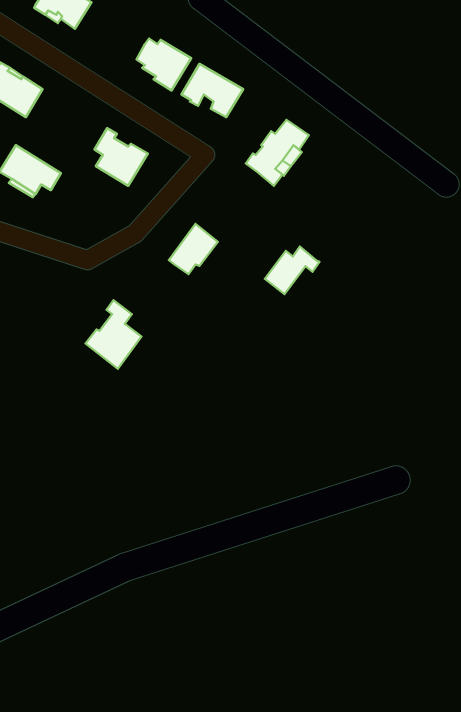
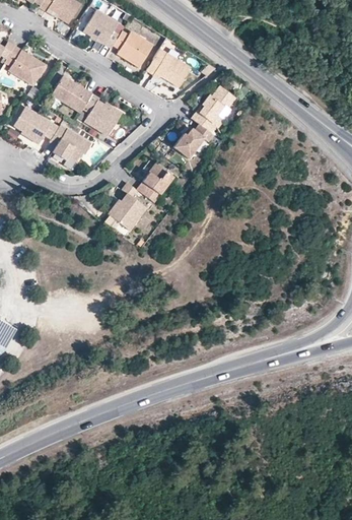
building: none -> [84,10,120,48]
building: none -> [51,76,92,114]
building: none -> [50,125,92,161]
building: [265,247,319,294] -> [175,126,215,160]
building: [85,300,142,369] -> [108,183,148,233]

